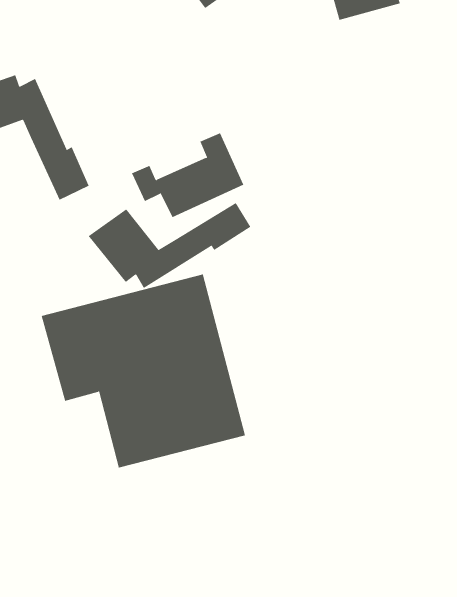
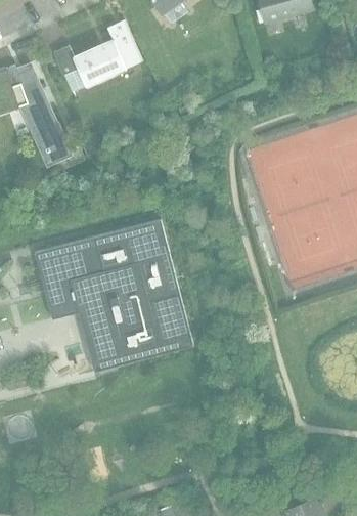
building: [131,132,244,218] -> [54,19,142,86]
building: [88,202,251,289] -> none

